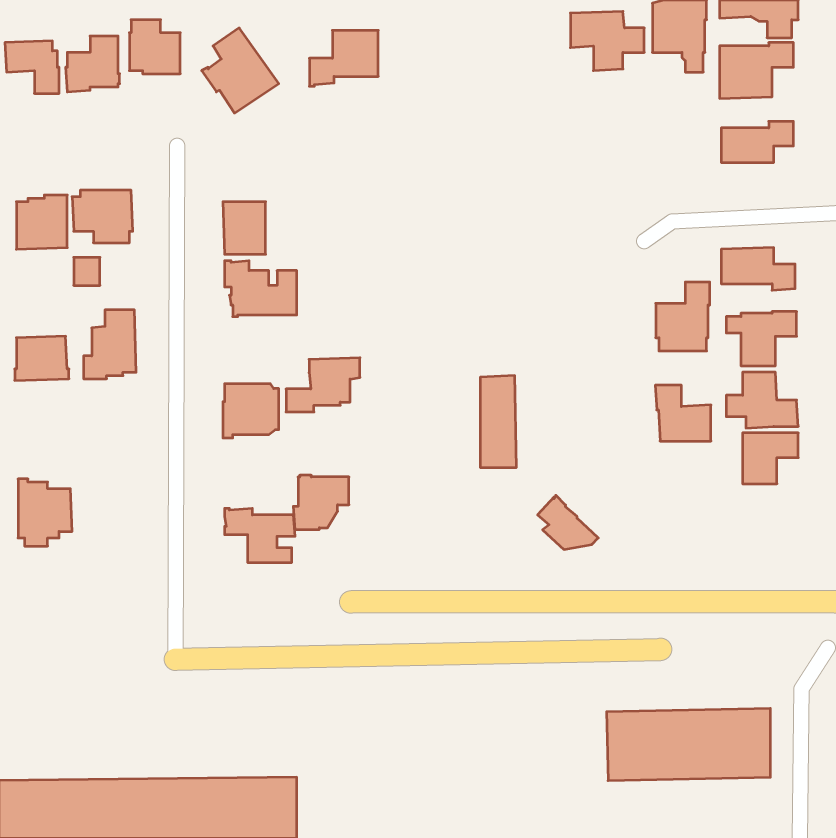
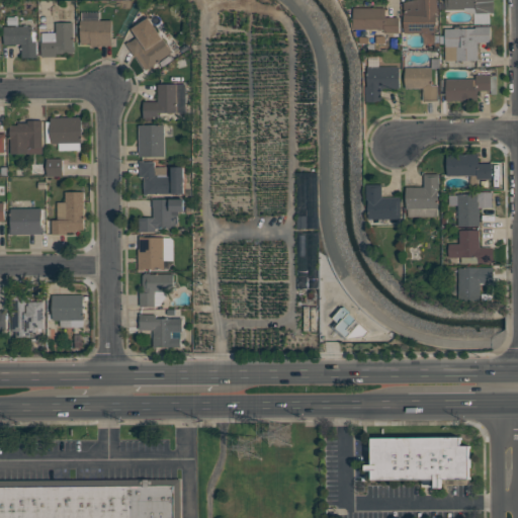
building: [309,30,378,86] -> [143,84,185,118]
building: none -> [365,57,400,101]
building: none -> [404,67,438,101]
building: [286,358,360,412] -> [138,198,183,232]
building: [655,385,711,441] -> [365,184,400,219]
building: [293,475,349,529] -> [139,273,173,307]
building: none -> [52,294,84,327]

